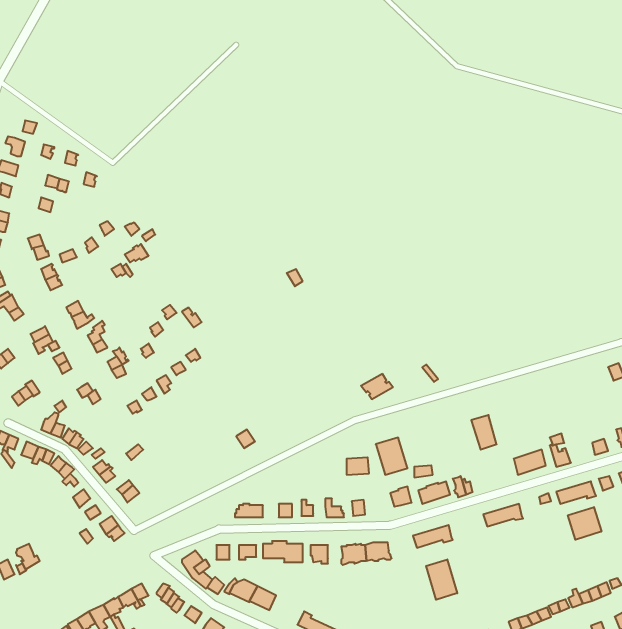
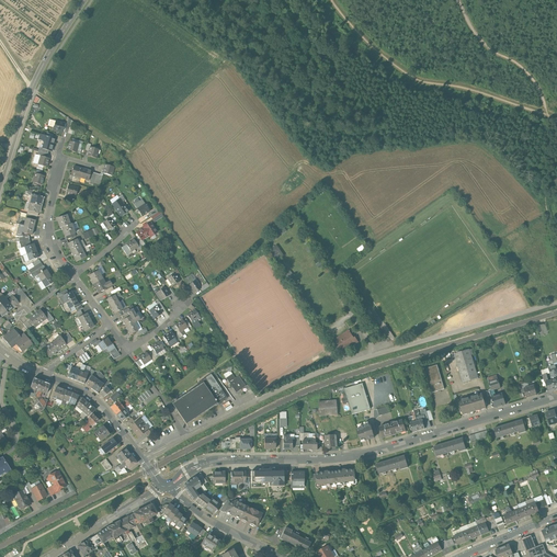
building: none -> [454,349,478,382]
building: none -> [172,374,224,423]
building: [568,507,601,540] -> none
building: [426,559,457,600] -> none

